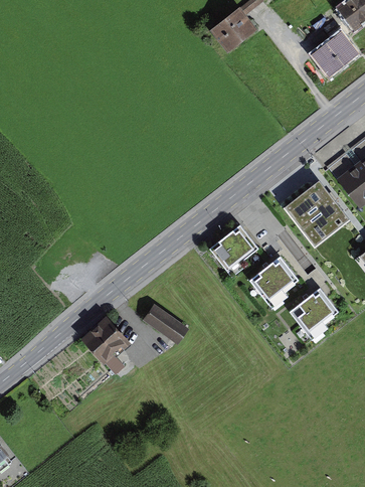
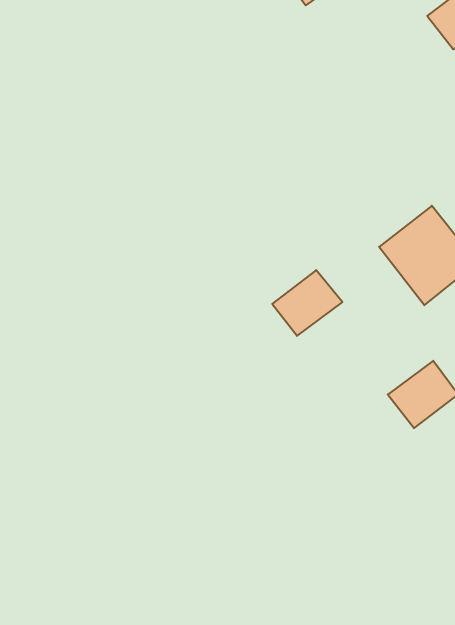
building: [246,259,295,305] -> none
building: [145,304,188,341] -> none
building: [83,319,129,363] -> none

